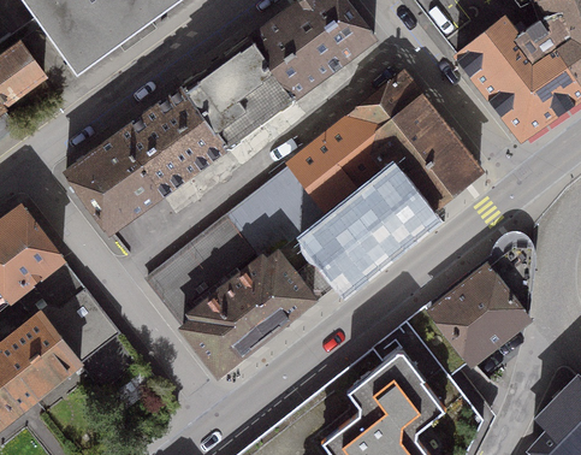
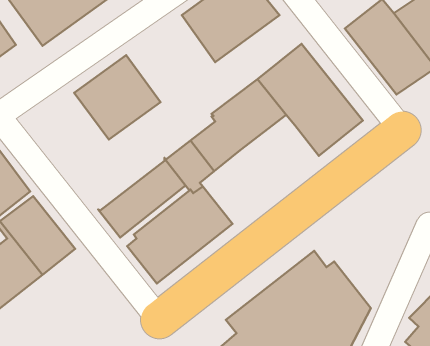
building: [182,37,294,147] -> none
building: [65,135,160,231] -> none
building: [302,176,423,295] -> none
building: [429,244,533,382] -> none

